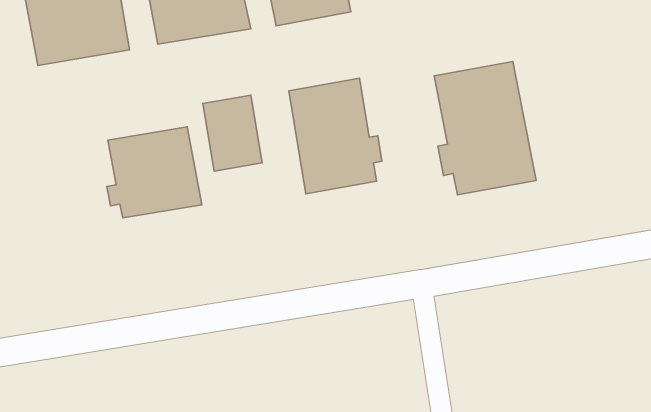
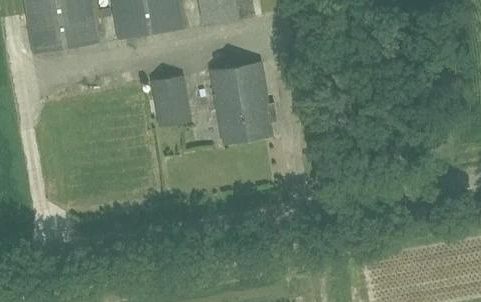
building: [434,62,536,195] -> none
building: [107,127,202,218] -> none

